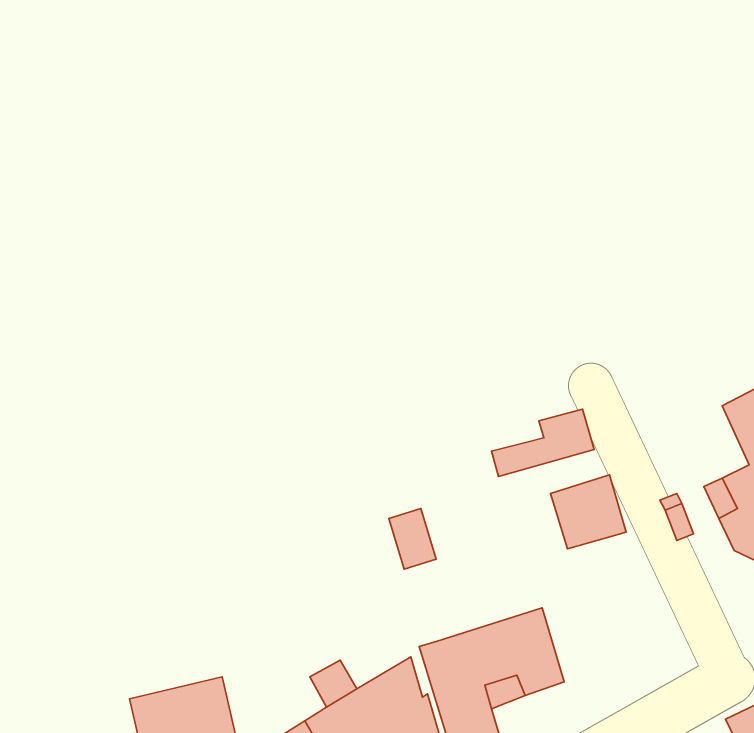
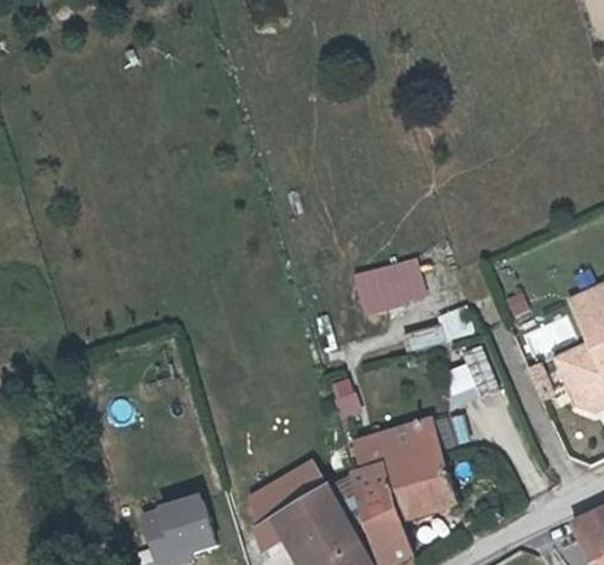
building: none -> [350,250,430,313]
building: none -> [354,411,455,469]

